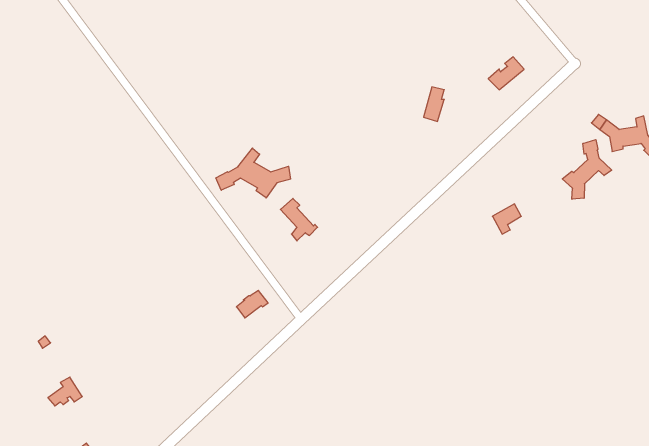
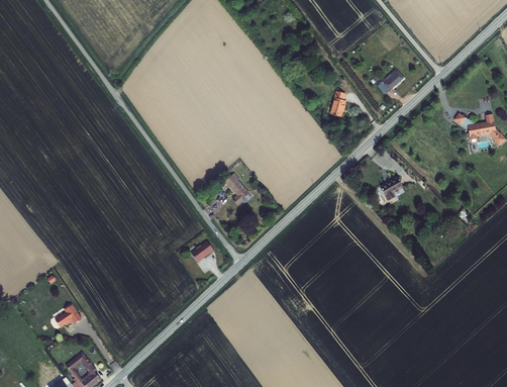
building: [562,140,612,199] -> none
building: [216,148,291,198] -> none

